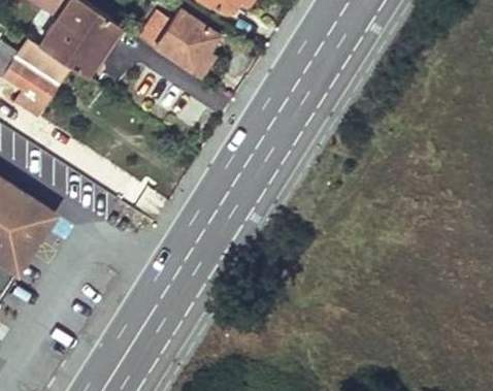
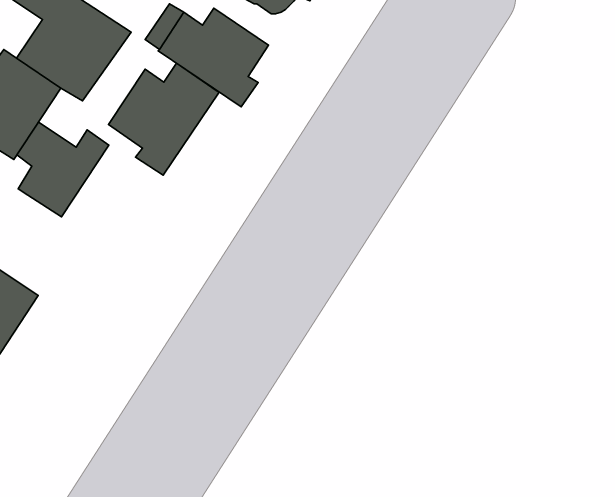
building: none -> [109,63,219,175]
building: none -> [17,122,109,217]

